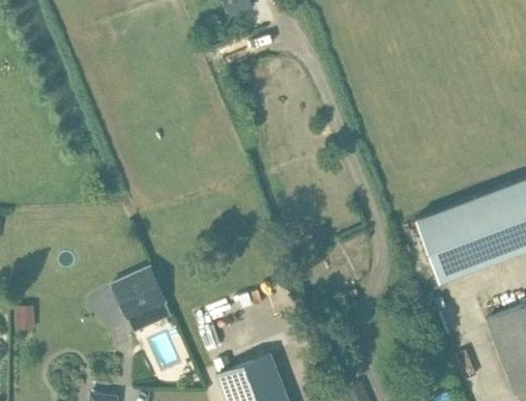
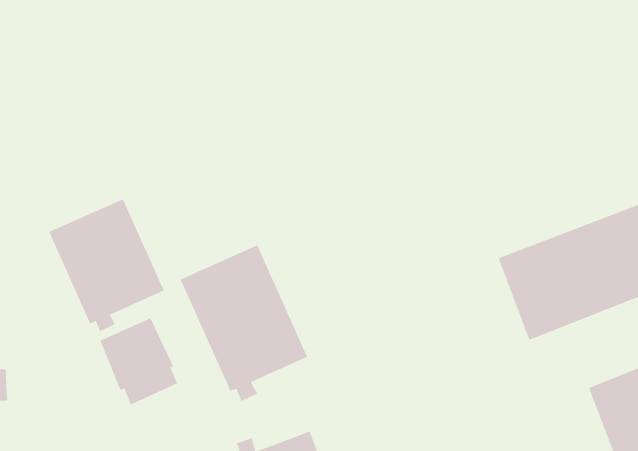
building: none -> [48,198,165,332]
building: none -> [180,245,308,402]

